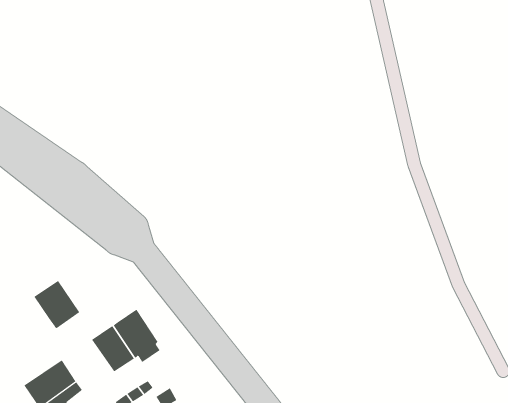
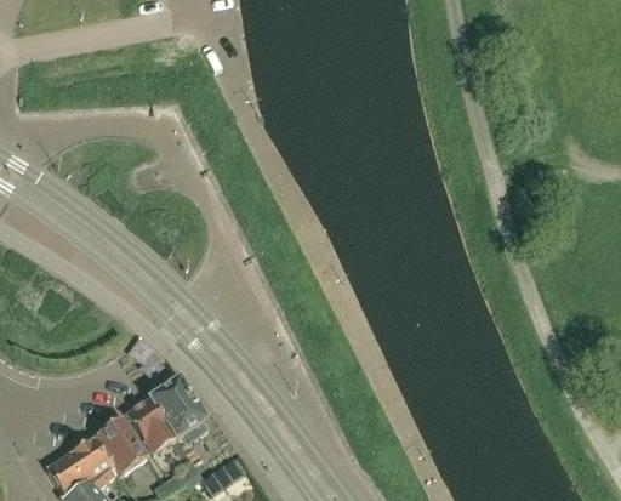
building: [34,280,80,329] -> [92,417,147,474]

